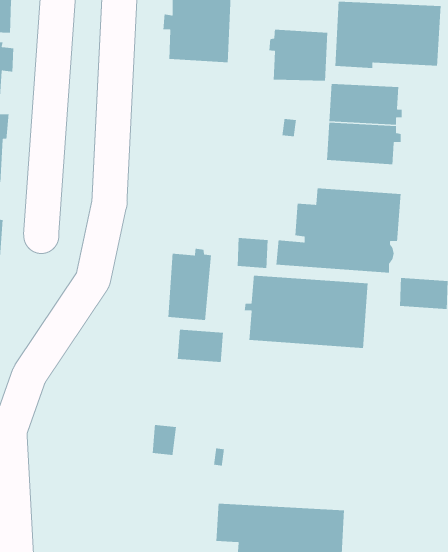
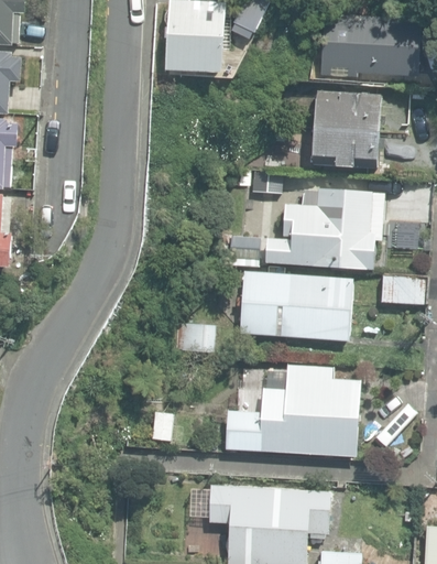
building: [269,29,328,82] -> none
building: [167,248,212,321] -> none
building: none -> [223,365,361,457]

